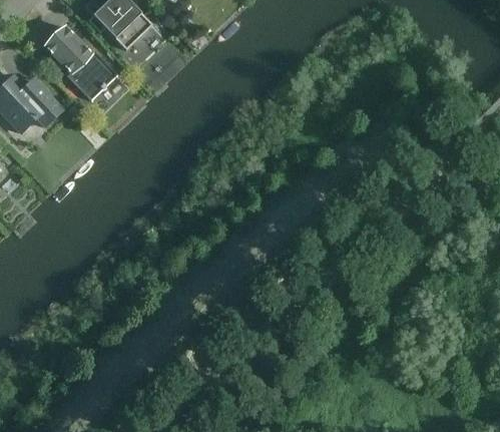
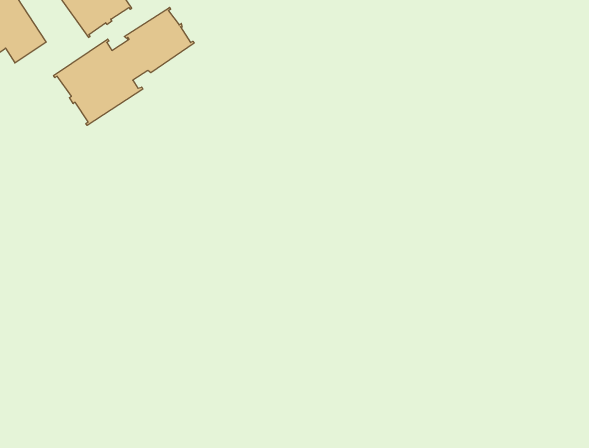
building: none -> [54,7,194,125]

